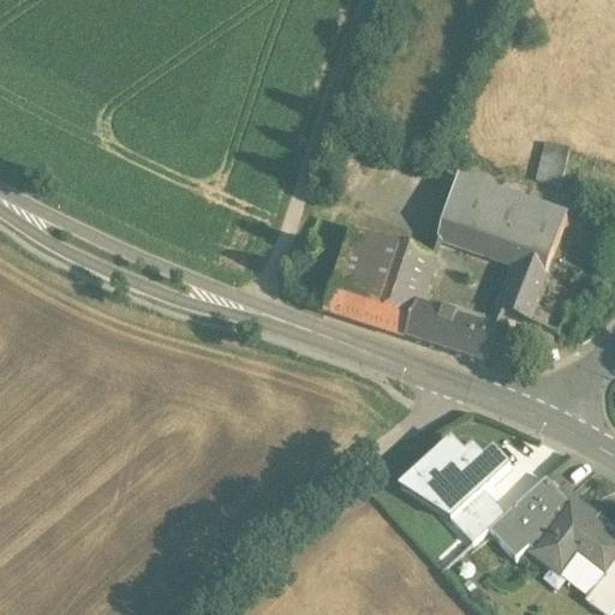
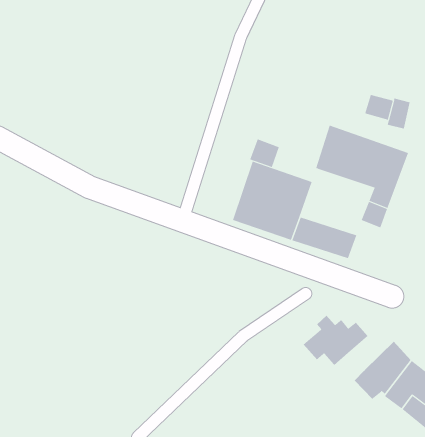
building: none -> [365,94,393,120]
building: none -> [250,138,279,168]
building: [449,489,504,541] -> none

